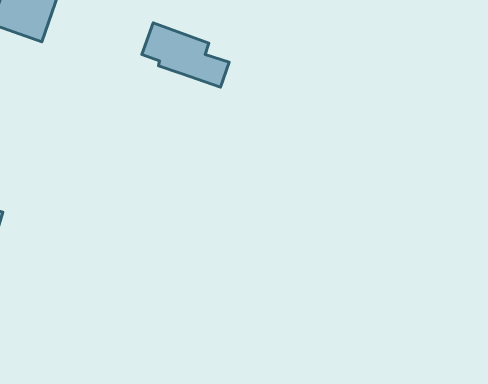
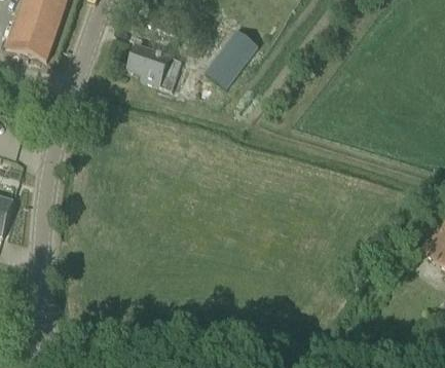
building: none -> [201,33,258,96]

